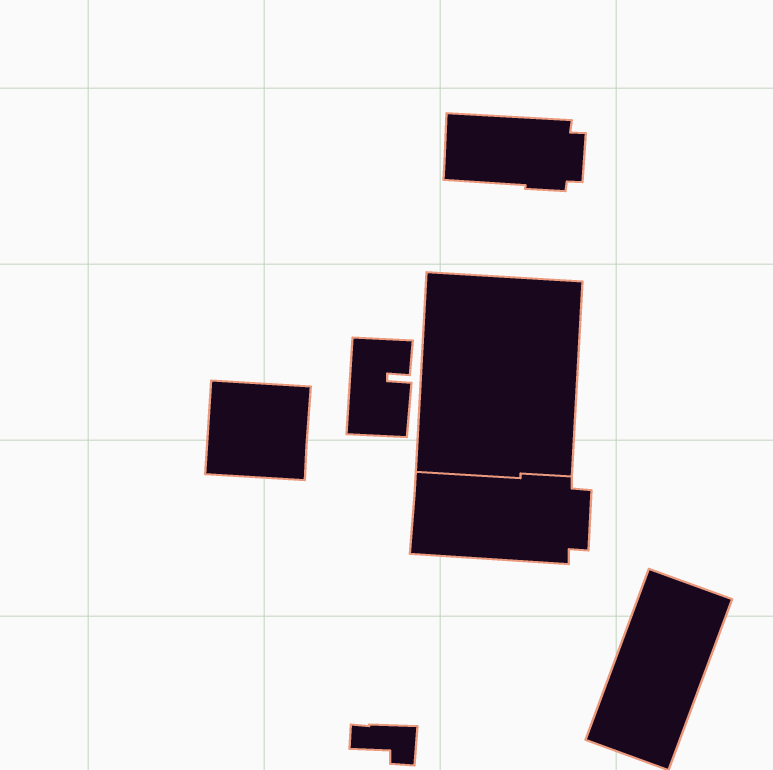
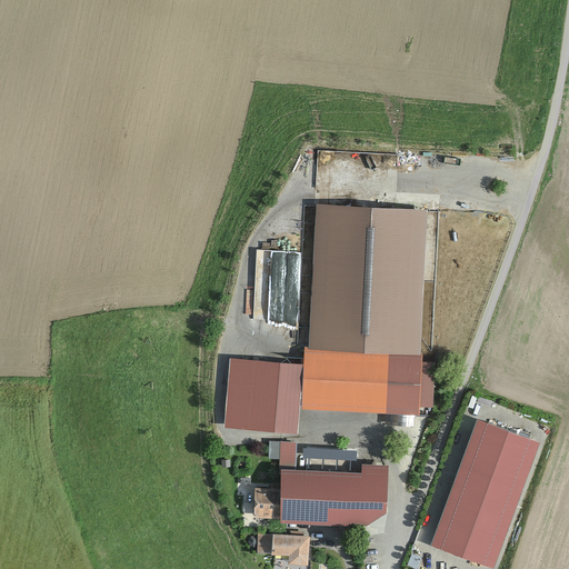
building: [443,113,586,191] -> none
building: [205,380,311,480] -> [227,361,305,435]
building: none -> [257,445,387,526]

